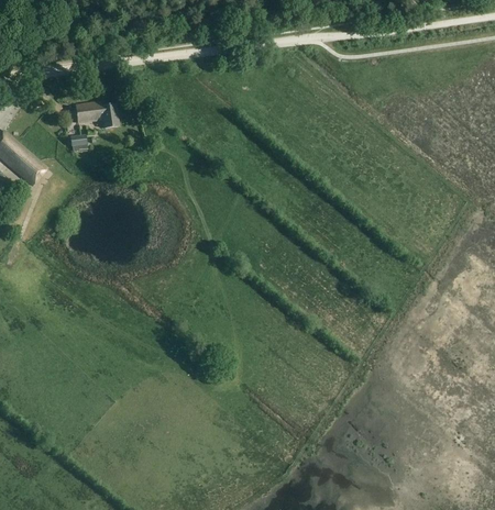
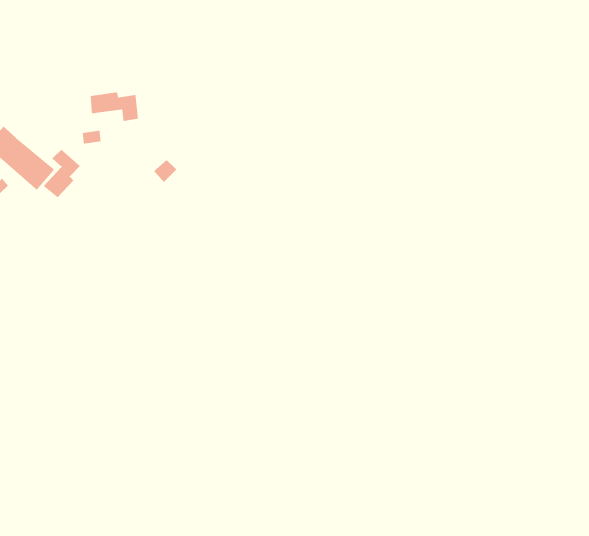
building: none -> [43,149,81,198]

